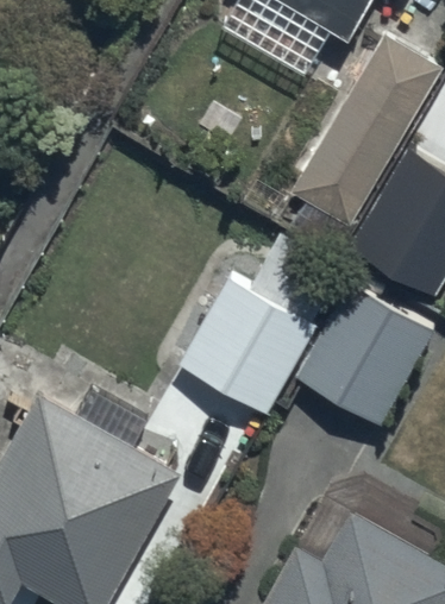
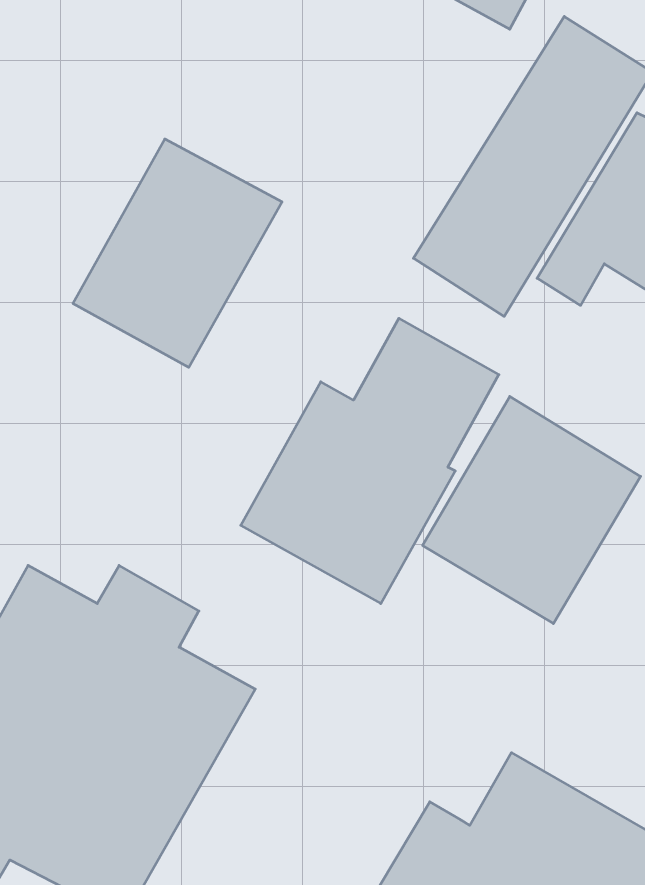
building: none -> [73,139,282,367]

